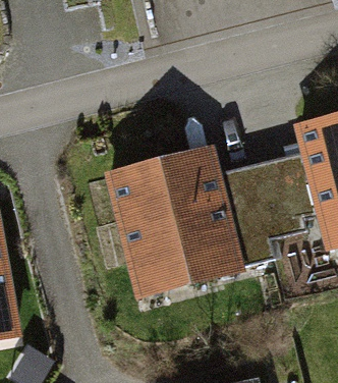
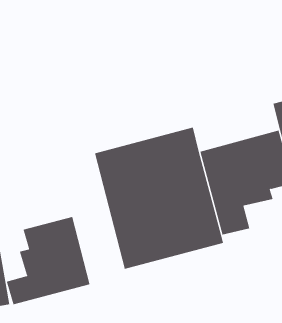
building: none -> [6,216,90,305]

